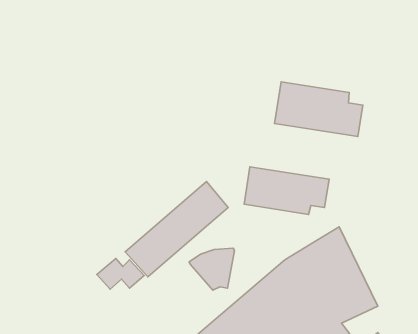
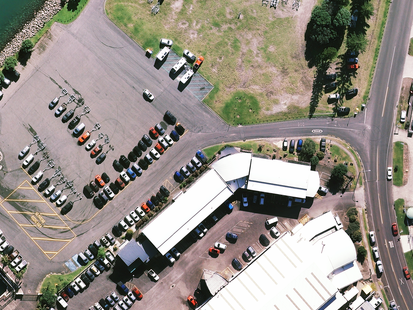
building: [275,82,363,137] -> none
building: [189,248,234,290] -> [210,154,250,191]

